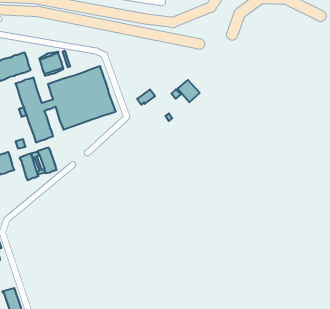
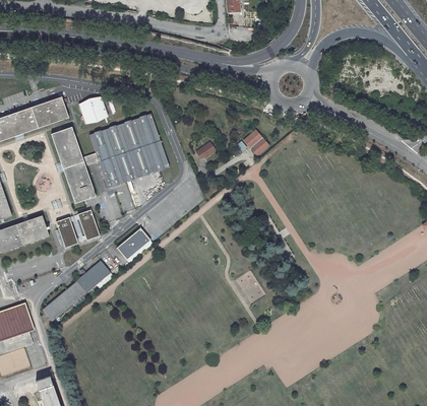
building: none -> [116,228,149,260]
building: none -> [42,261,110,321]

